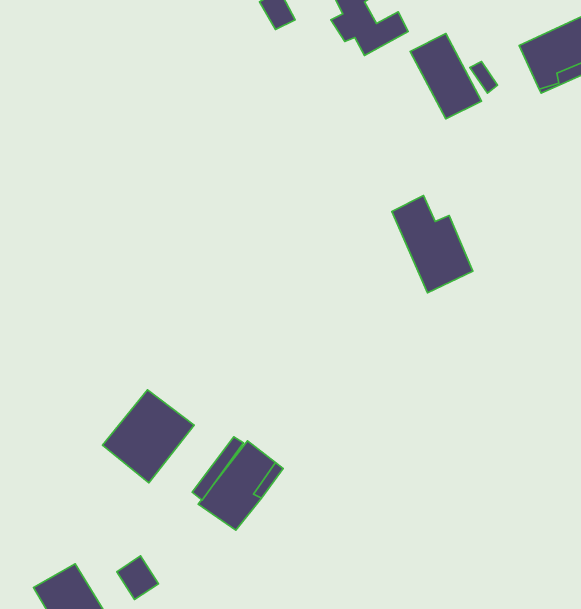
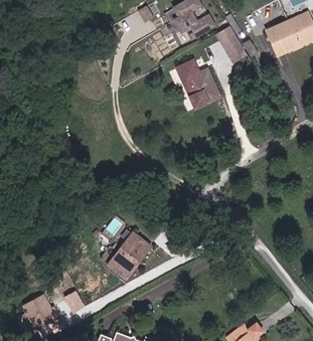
building: [392,196,473,293] -> [176,59,217,109]
building: [103,390,194,483] -> none

